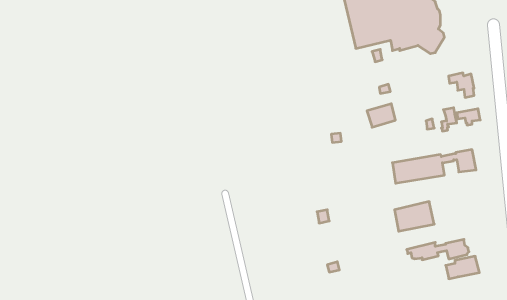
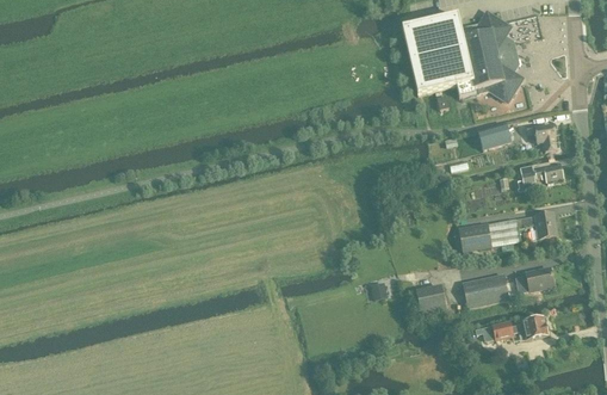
building: [367,104,395,127] -> [477,123,510,150]
building: none -> [416,286,447,316]
building: [446,256,479,279] -> [515,267,555,294]

